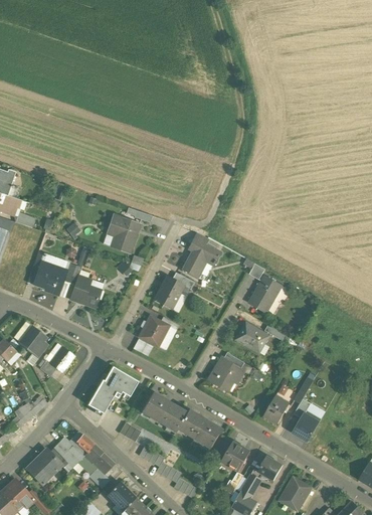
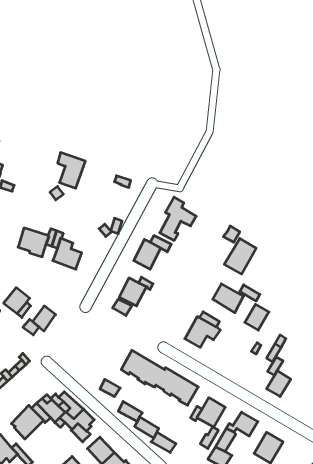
building: [110,214,139,251] -> [58,153,85,188]
building: [87,366,138,412] -> none
building: [263,395,289,422] -> [245,304,269,330]

